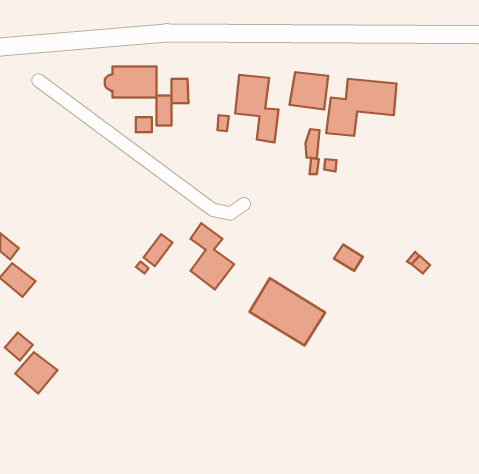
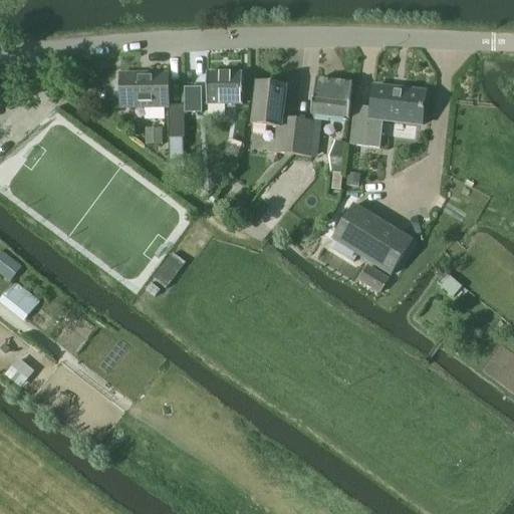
building: none -> [207,70,242,102]
building: none -> [294,117,318,155]
building: [190,223,234,289] -> none
building: [249,278,325,345] -> [331,201,413,273]
building: [15,352,57,393] -> none

